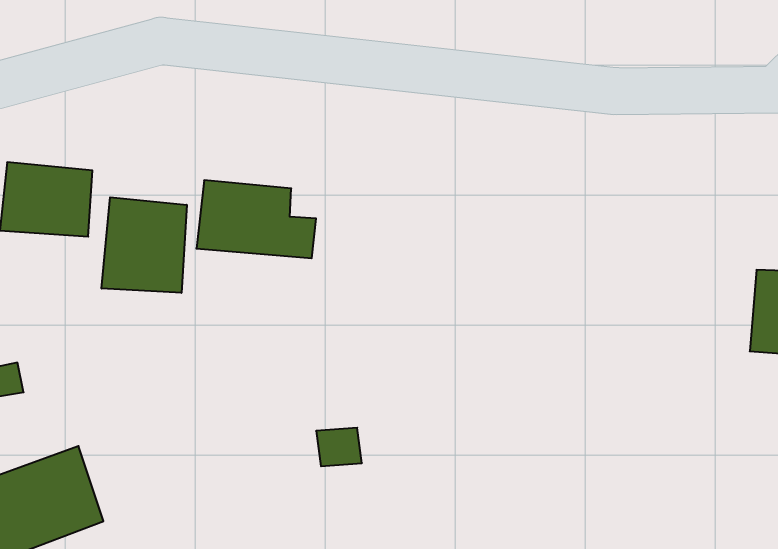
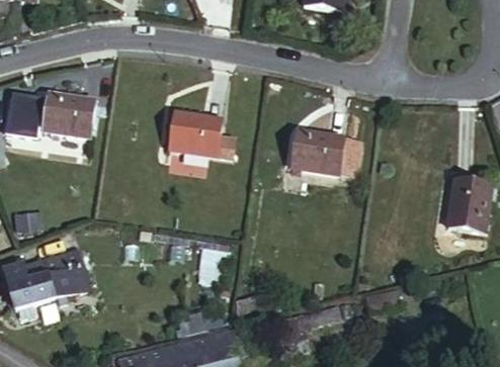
building: [102,197,187,293] -> none
building: none -> [288,131,355,177]

